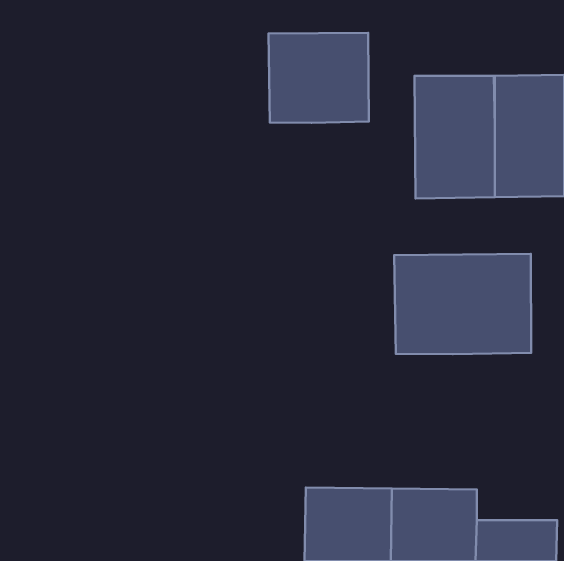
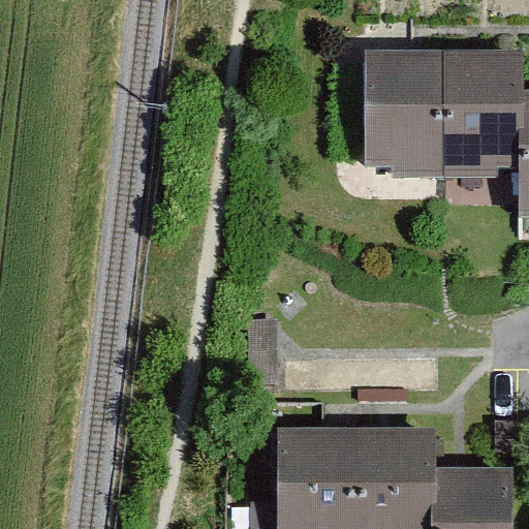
building: [269,33,369,123] -> none
building: [394,254,531,354] -> none

